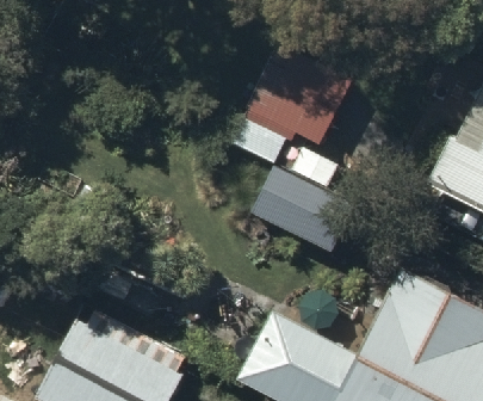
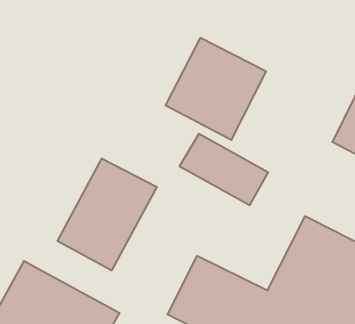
building: none -> [58,158,157,270]

